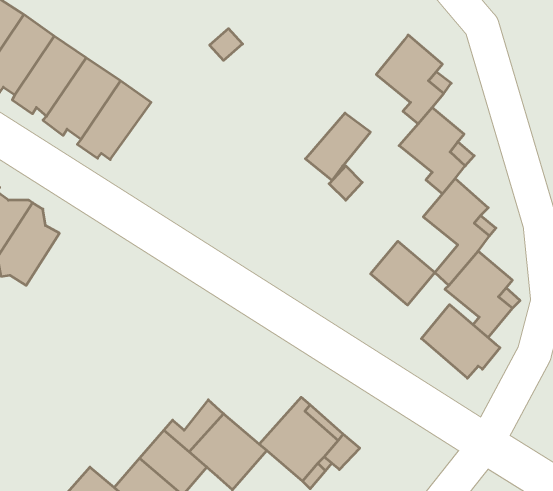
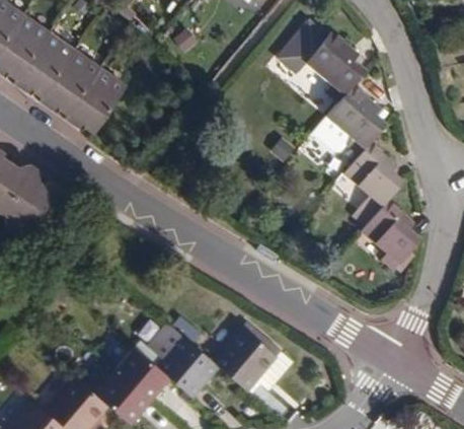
building: [305,113,370,180] -> [277,20,328,74]
building: [371,241,435,305] -> none
building: [421,305,500,378] -> none

